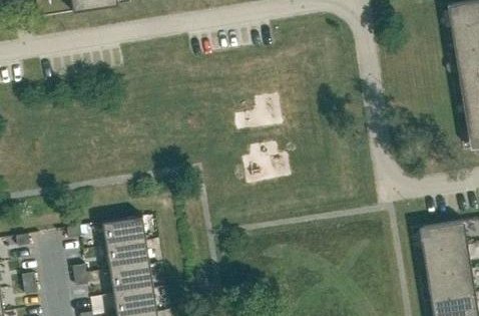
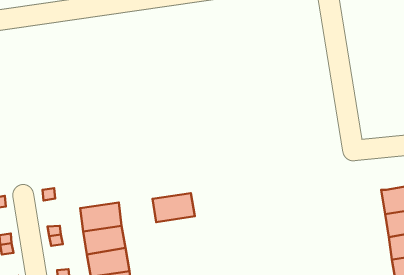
building: [102,216,146,246] -> [152,193,195,222]

